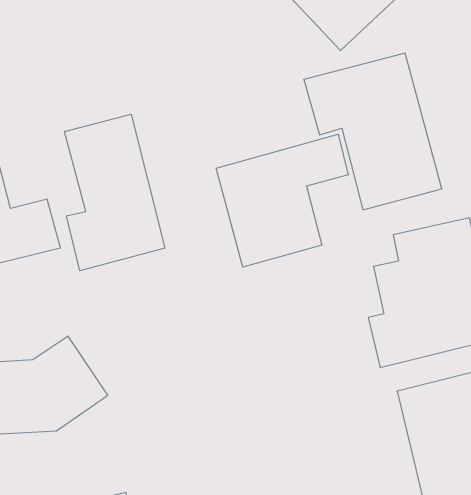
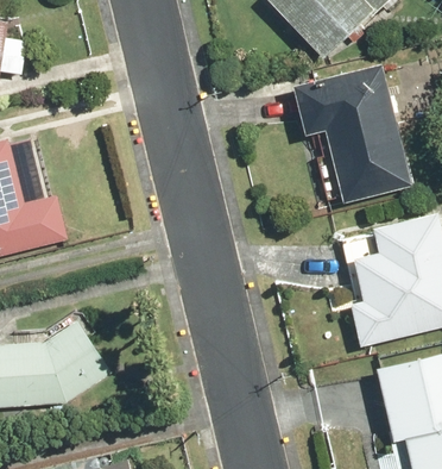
building: [65,114,165,271] -> none
building: [216,134,348,267] -> none

